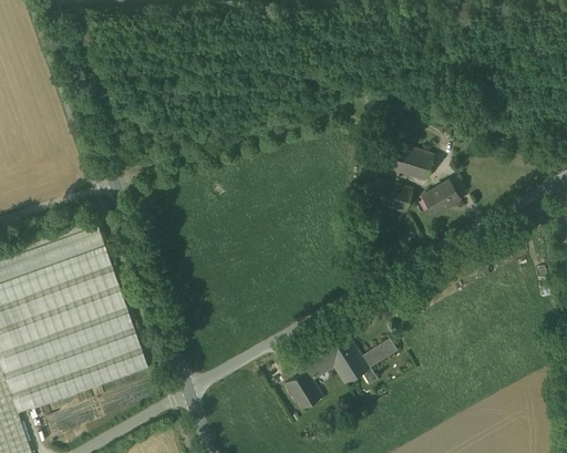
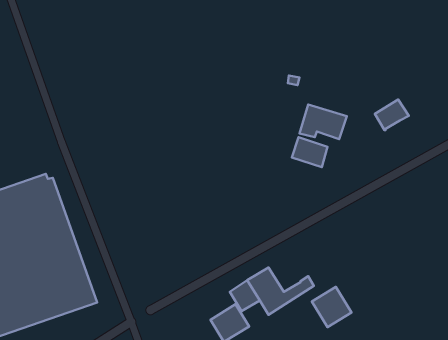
building: [422,181,461,216] -> [375,99,409,130]
building: none -> [312,287,351,327]

